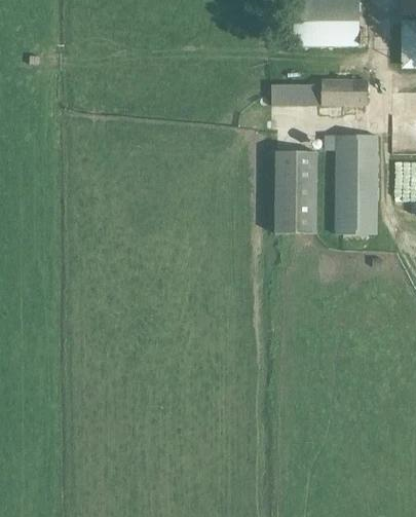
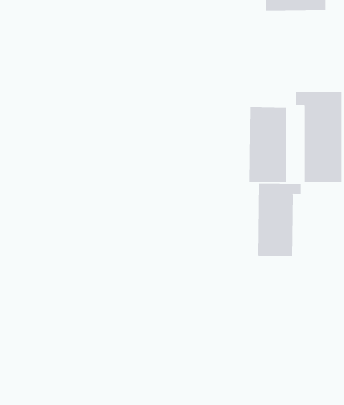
building: [271,79,368,105] -> none
building: none -> [258,183,301,257]

